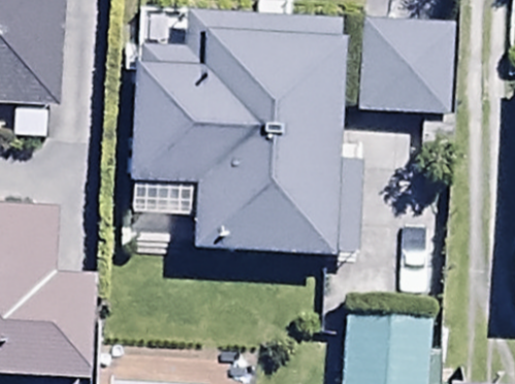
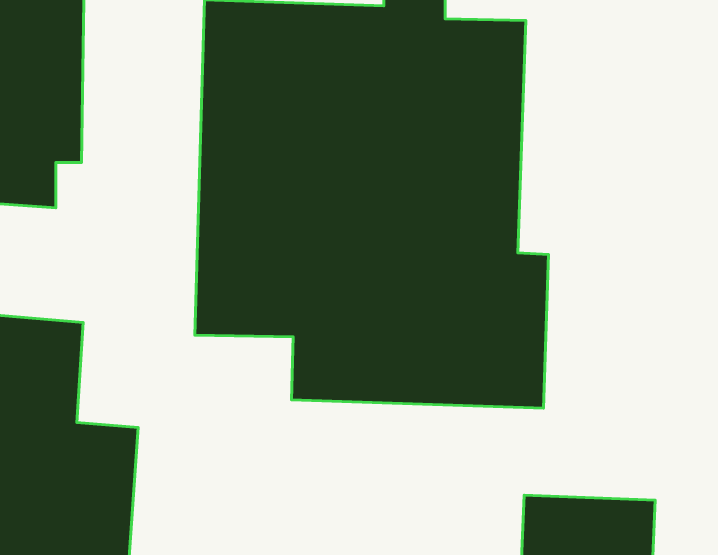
building: [358,19,449,117] -> none

